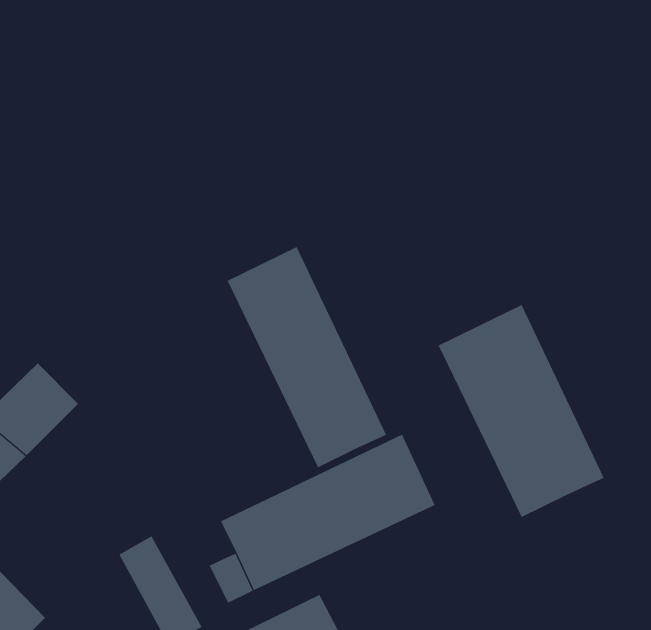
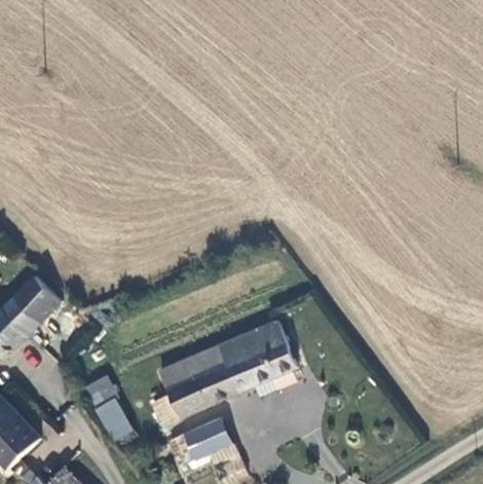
building: [227,246,387,468] -> none
building: [438,304,605,518] -> none

